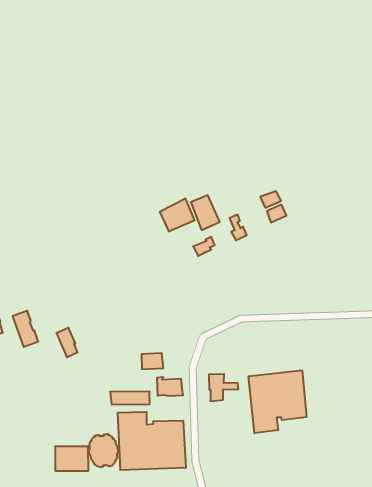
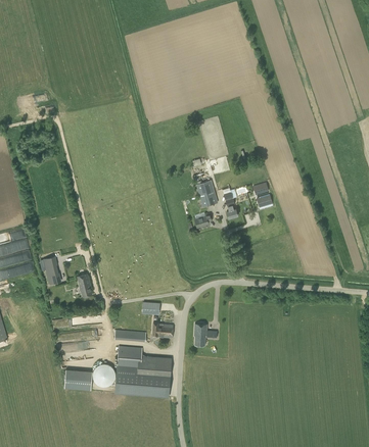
building: [160,198,195,232] -> none
building: [249,370,306,433] -> none

